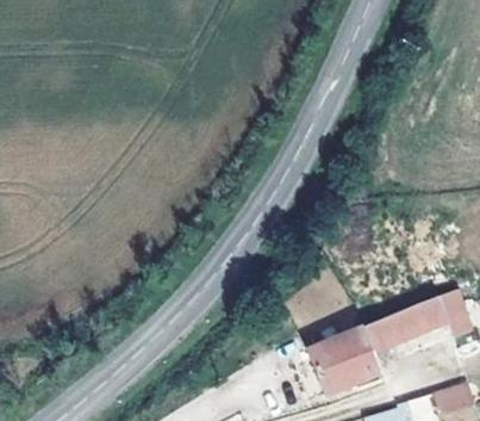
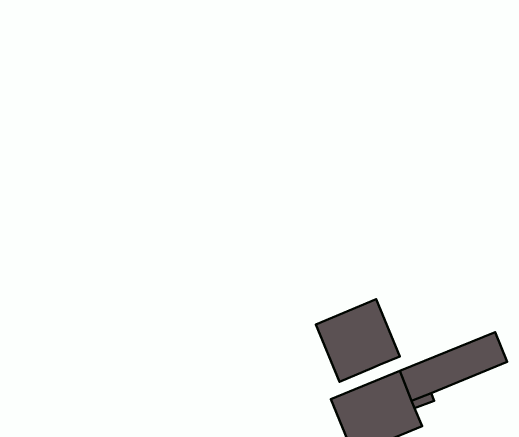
building: none -> [316,299,400,382]

